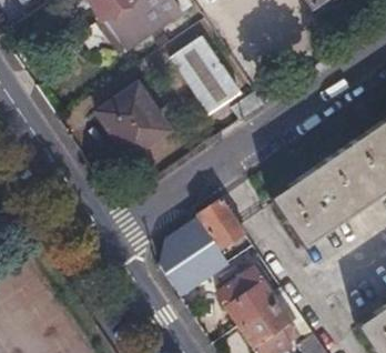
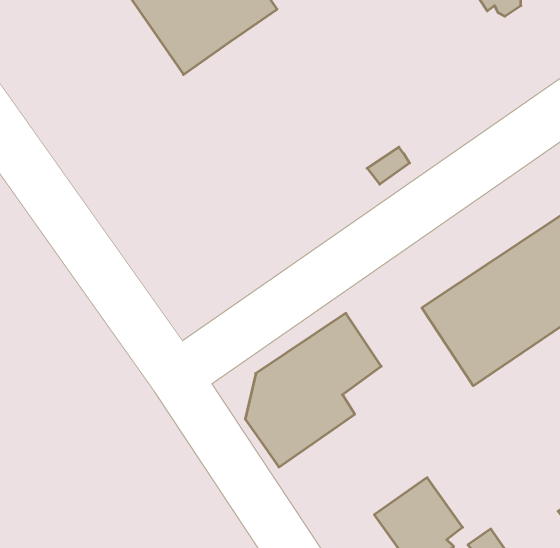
building: [171,38,240,113] -> none
building: [99,85,164,153] -> none
building: [220,271,275,326] -> none

